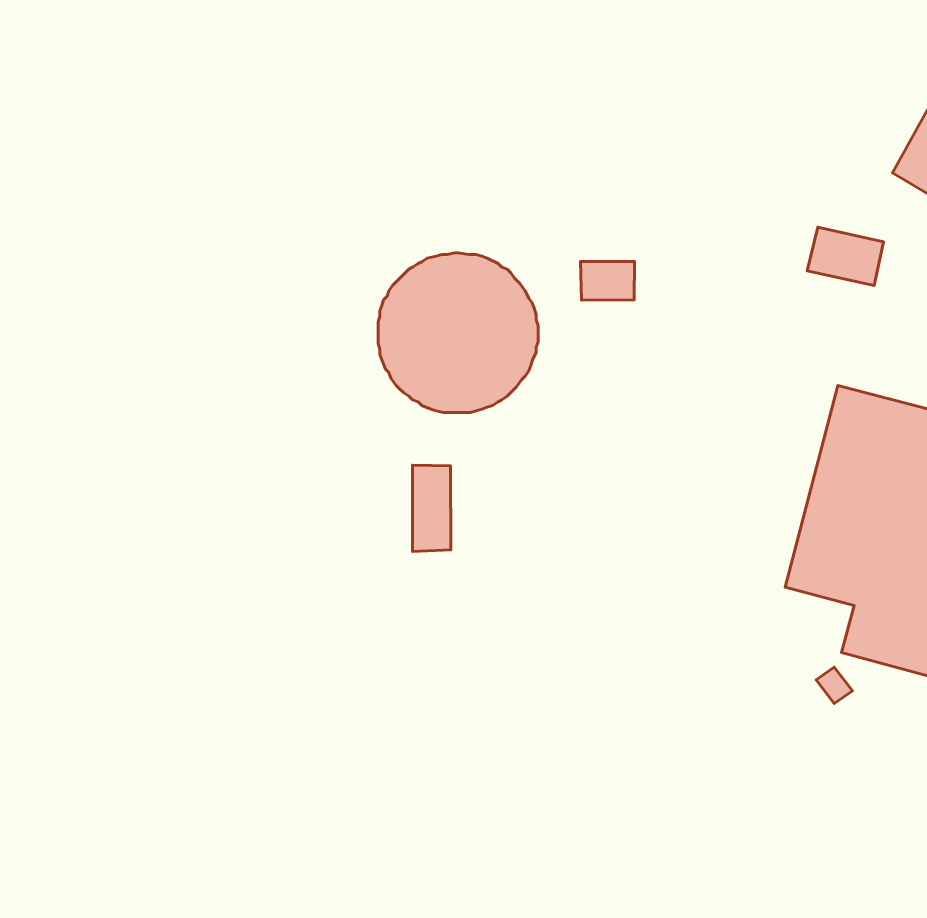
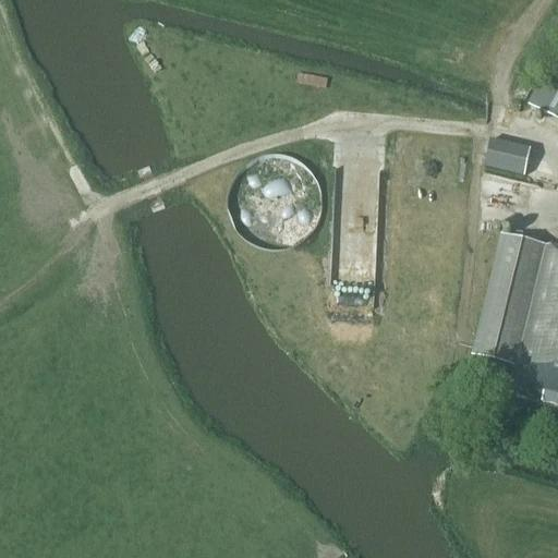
building: [580,261,635,300] -> none
building: [412,465,451,552] -> none

